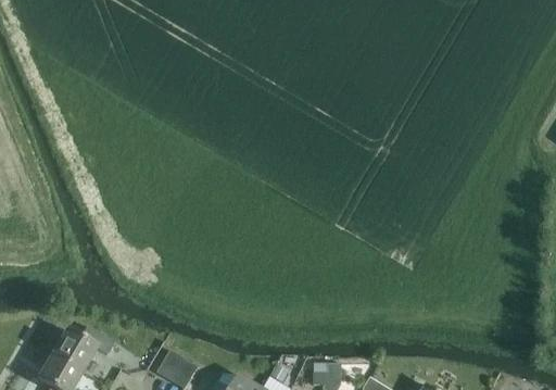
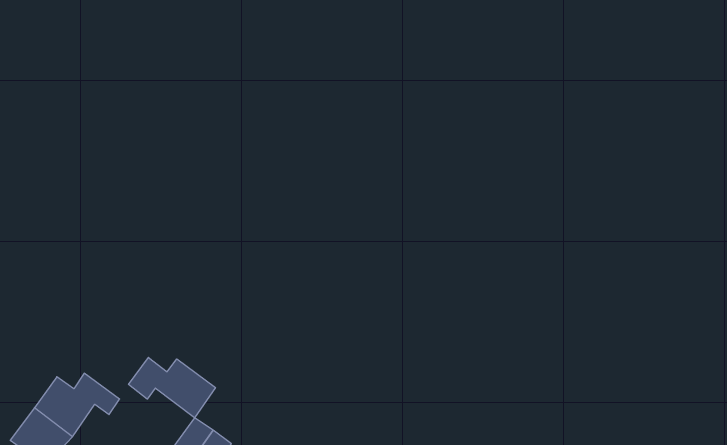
building: none -> [129,357,215,418]

